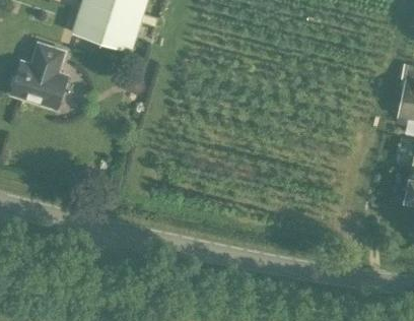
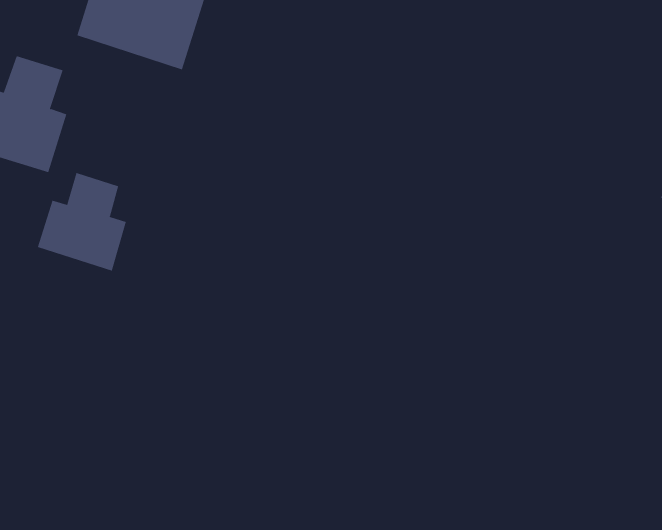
building: none -> [37,172,127,272]

